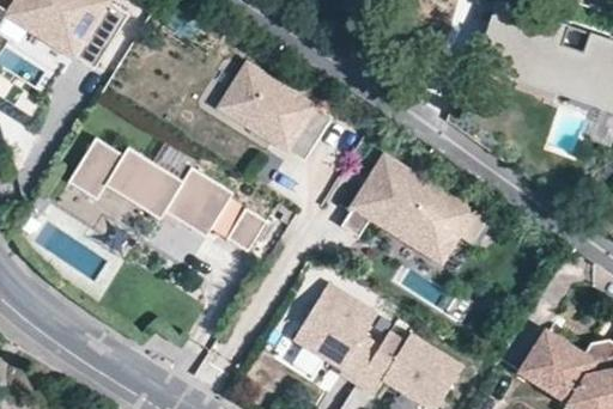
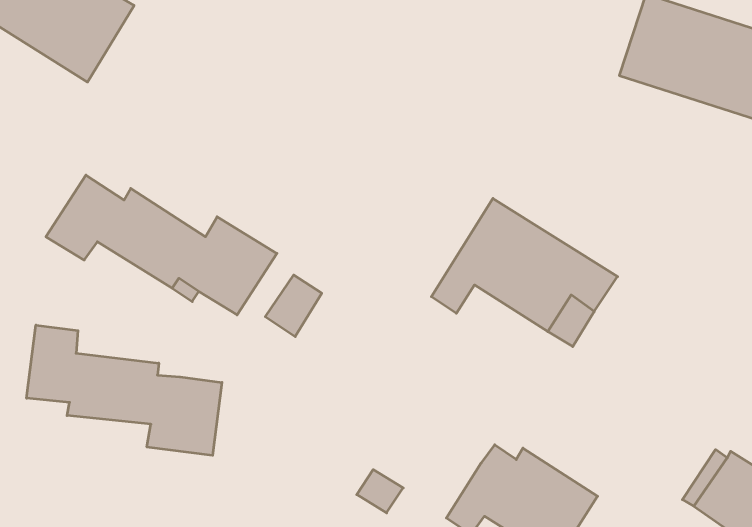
building: [219,65,333,163] -> none
building: none -> [27,325,222,455]
building: [292,281,380,384] -> none

